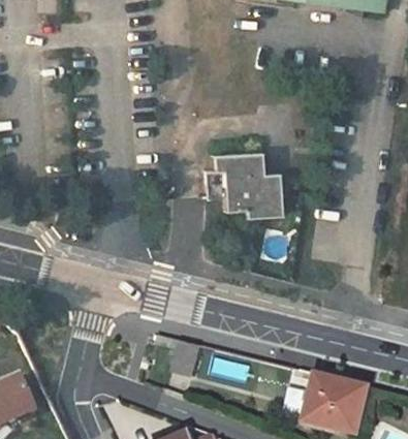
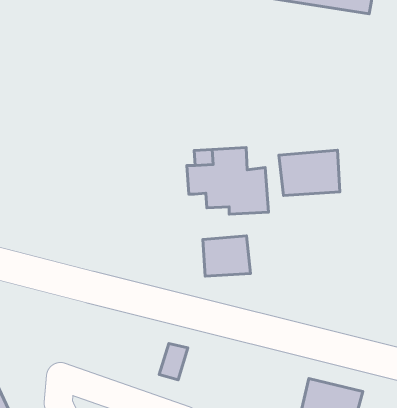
building: none -> [279,150,340,195]
building: none -> [203,236,250,276]

